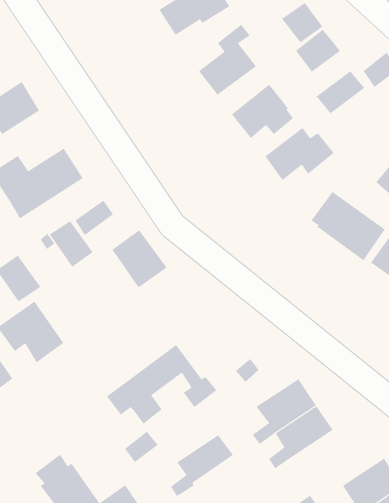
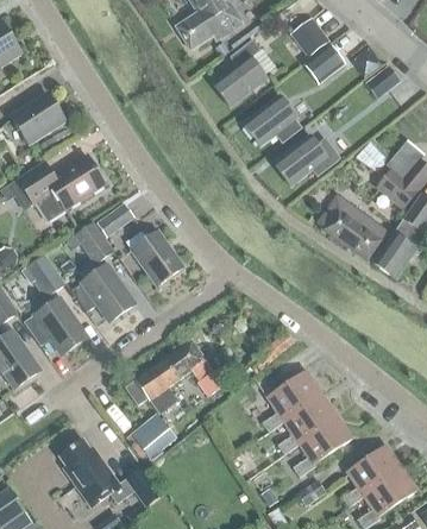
building: [316,70,365,114] -> none
building: none -> [71,264,134,322]
building: [170,434,234,497] -> [293,417,352,476]

